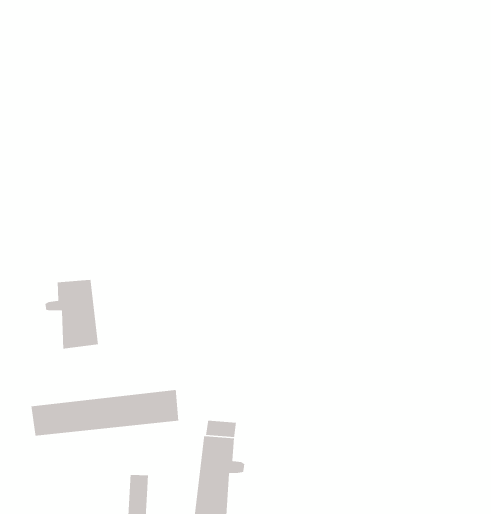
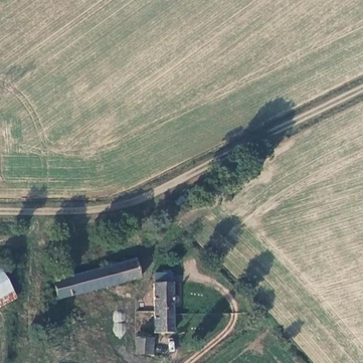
building: [44,279,99,350] -> none

